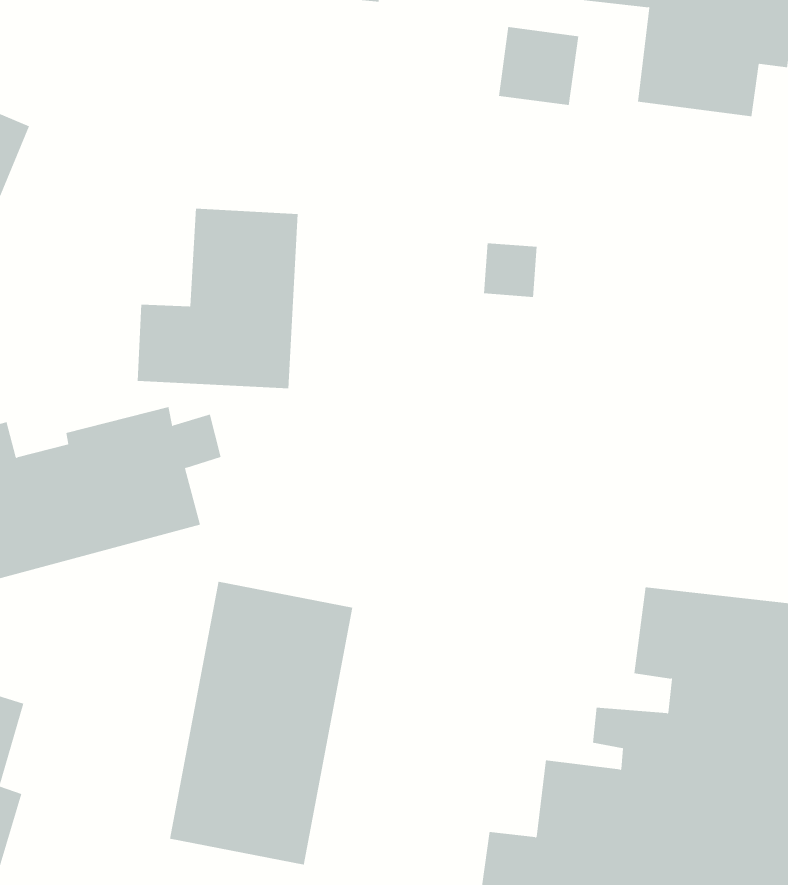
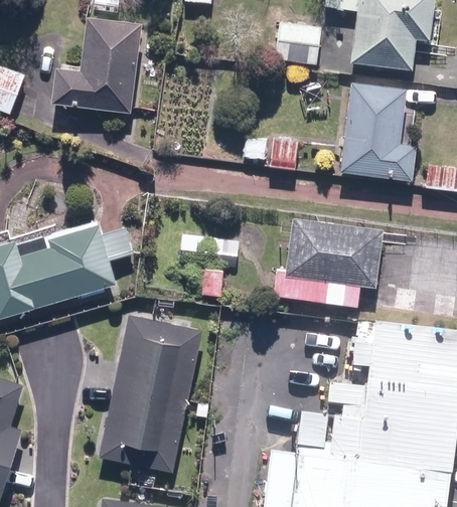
building: none -> [340,78,419,182]
building: [137,208,298,389] -> [52,16,139,113]
building: none -> [269,216,382,306]

